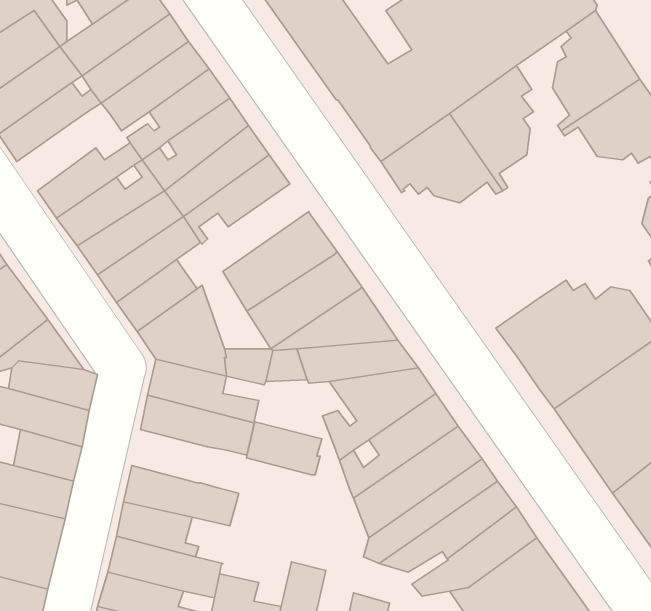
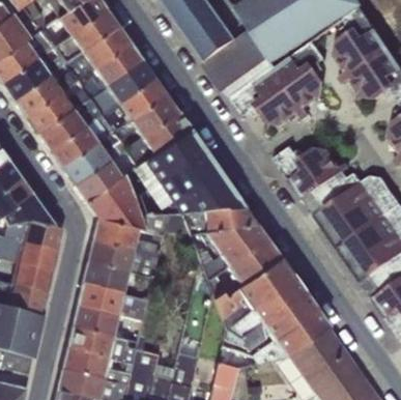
building: none -> [13,69,77,117]
building: none -> [125,113,190,166]
building: none -> [275,145,350,200]
building: [246,422,322,475] -> [83,261,128,293]

